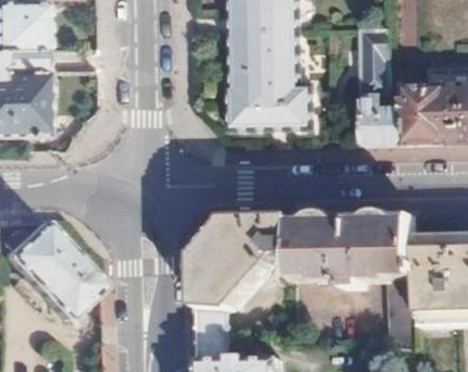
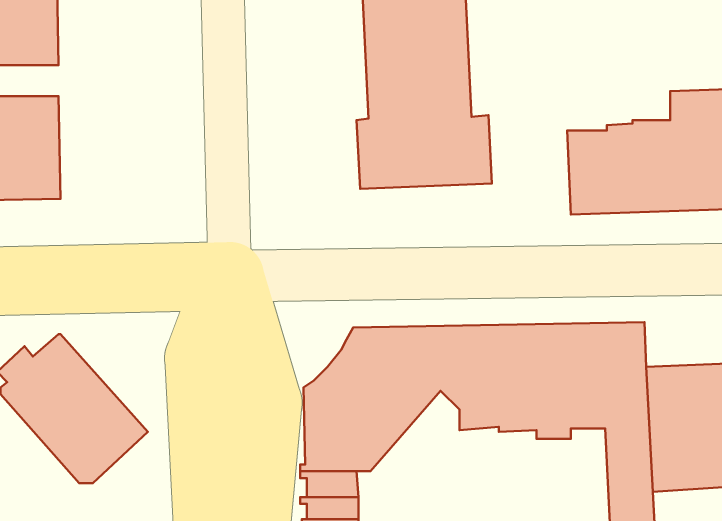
building: [361,27,390,91] -> none

